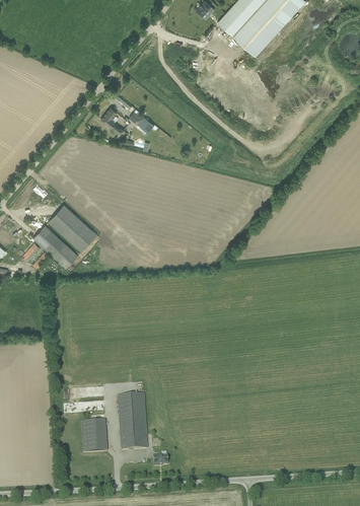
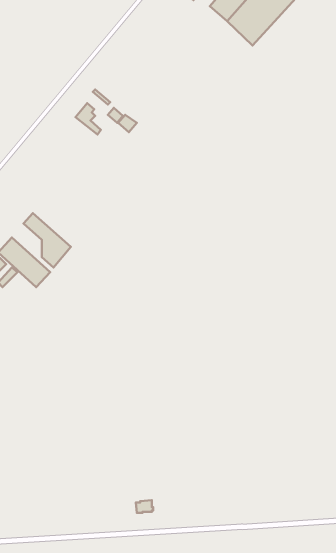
building: [119,394,147,450] -> none
building: [81,421,106,453] -> none

